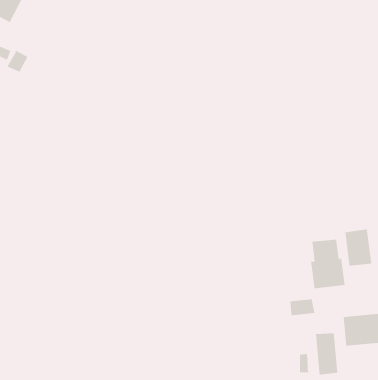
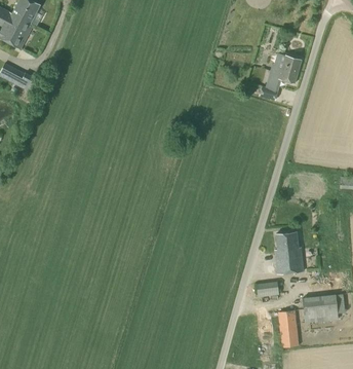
building: none -> [259,54,302,100]
building: [345,229,372,266] -> none

